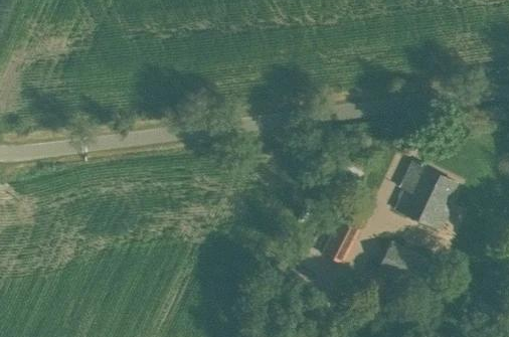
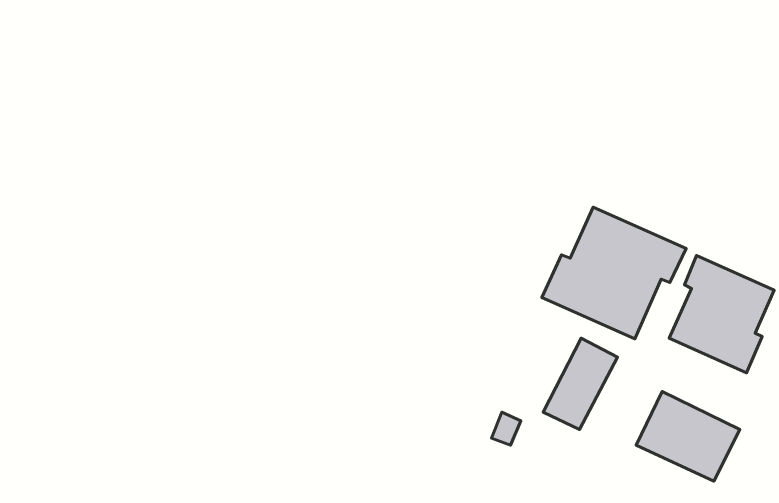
building: none -> [542,207,686,339]

